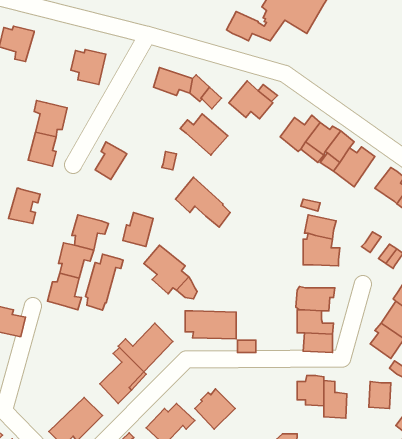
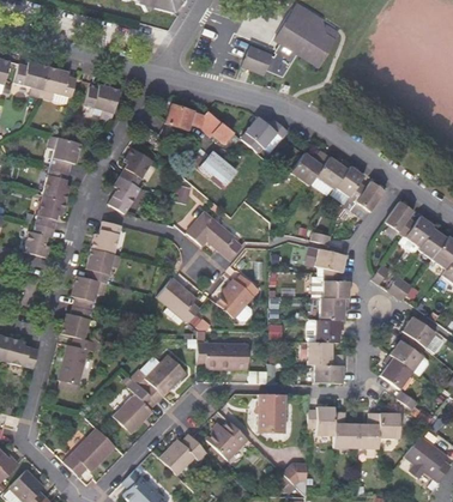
building: none -> [41,67,77,101]
building: none -> [120,149,152,186]
building: none -> [36,194,67,228]
building: [123,213,153,247] -> [92,220,122,254]
building: none -> [216,276,258,317]
building: [86,254,123,310] -> [59,337,96,392]
building: none -> [320,297,349,320]
building: none -> [258,393,285,433]
building: none -> [356,412,380,448]

